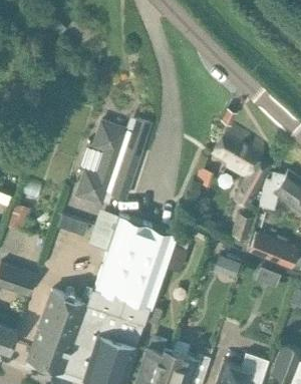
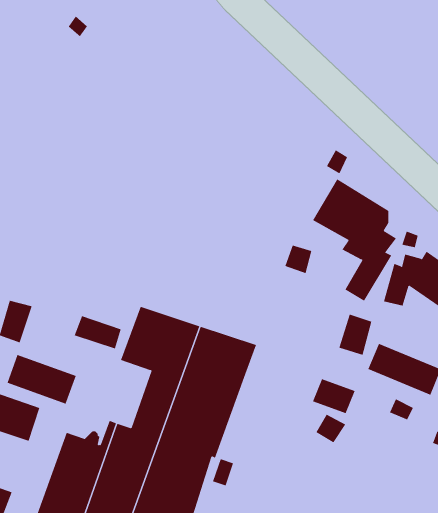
building: [76,120,149,206] -> none
building: none -> [7,354,76,404]

